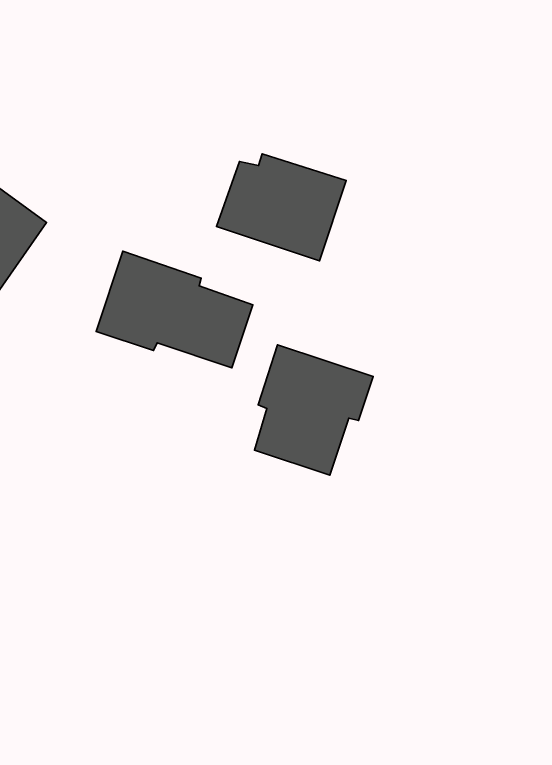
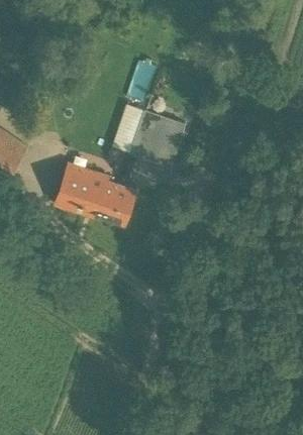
building: [254,345,373,475] -> none

